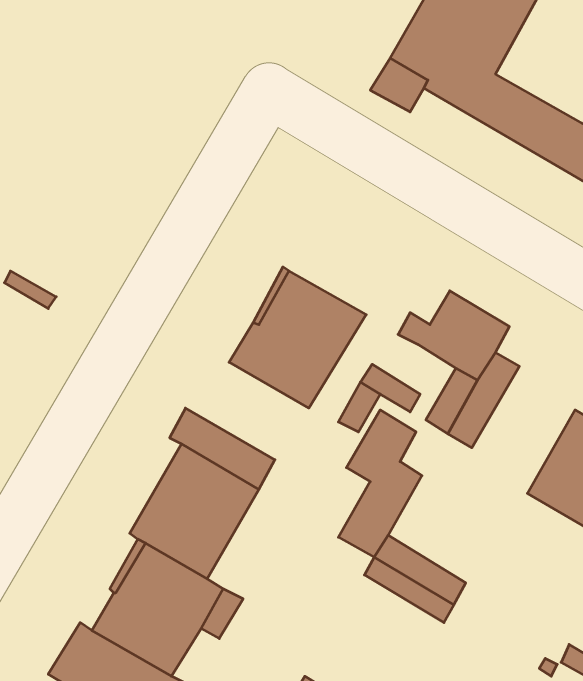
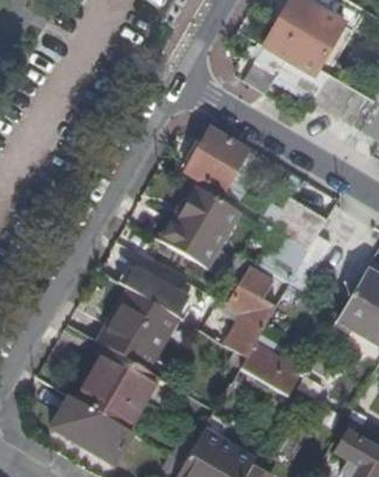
building: none -> [185,127,248,193]

